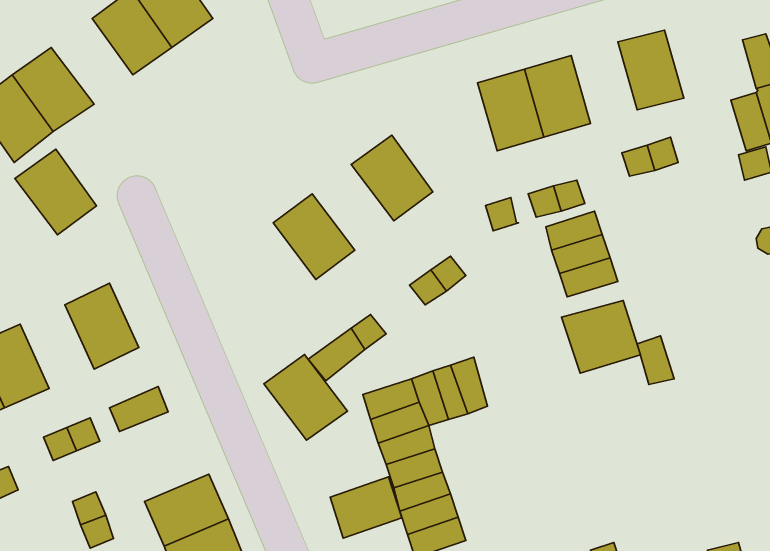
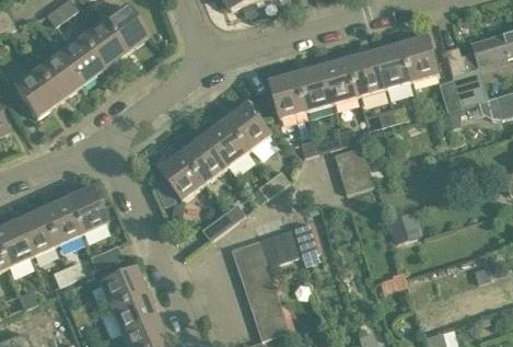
building: none -> [401,36,439,82]
building: none -> [349,50,386,96]
building: none -> [269,73,307,118]
building: [15,149,97,235] -> [57,37,103,85]
building: none -> [203,119,249,167]
building: [562,301,640,373] -> none
building: none -> [39,198,81,245]
building: [264,355,347,440] -> [159,152,206,200]
building: none -> [98,267,145,309]
building: [330,477,402,538] -> none

